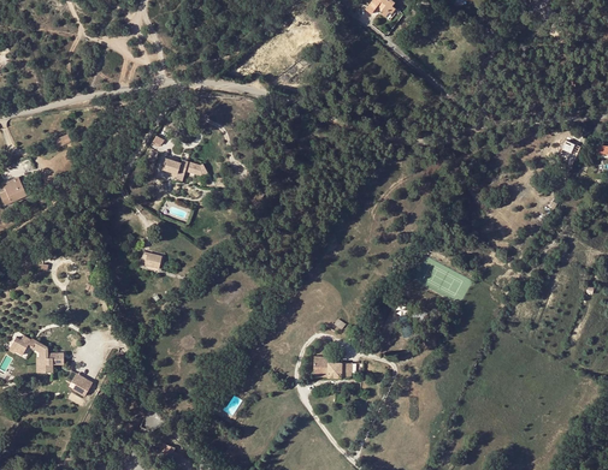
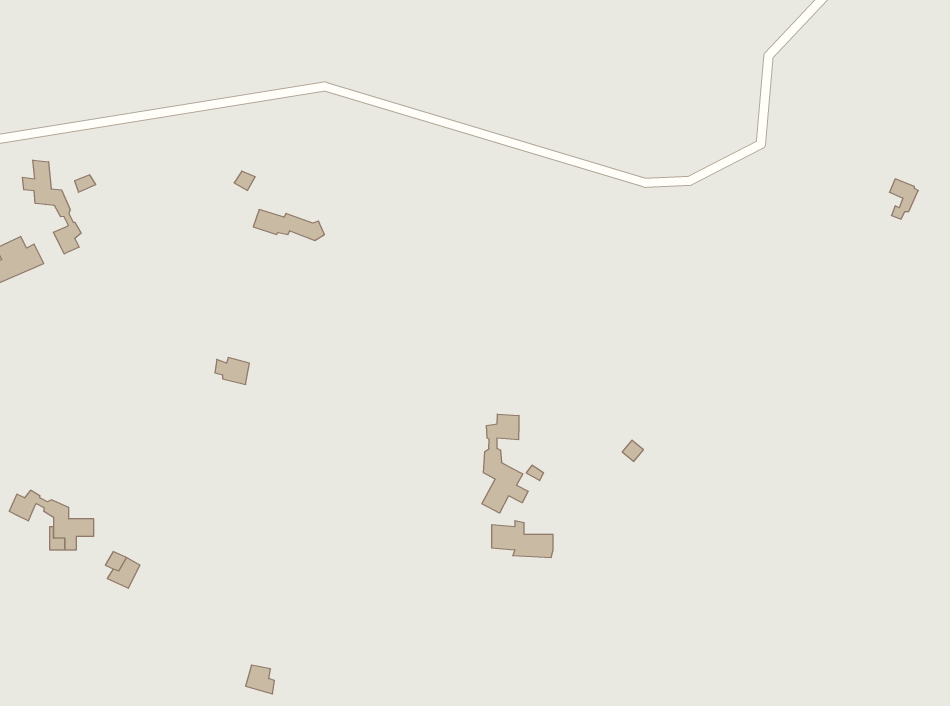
building: none -> [23,160,81,254]
building: none -> [482,414,528,513]

